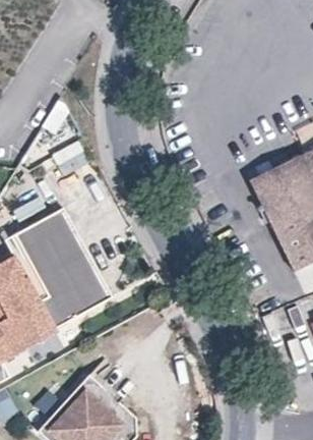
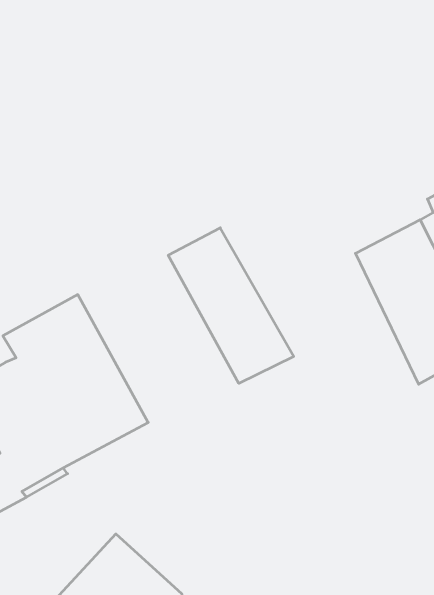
building: none -> [168,228,294,383]

